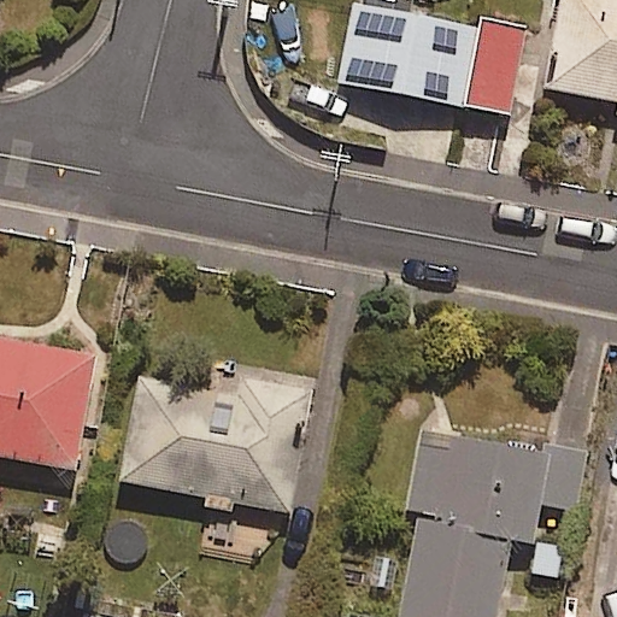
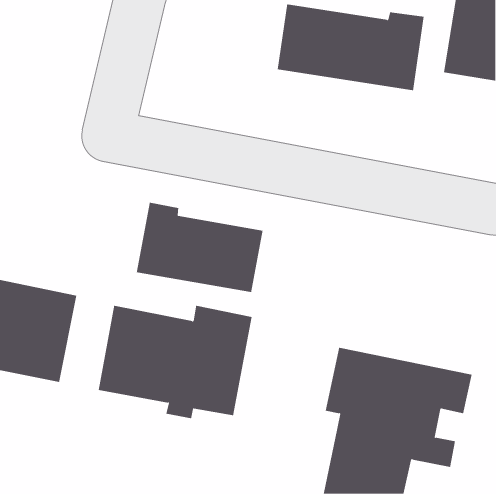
building: none -> [136,202,263,293]

